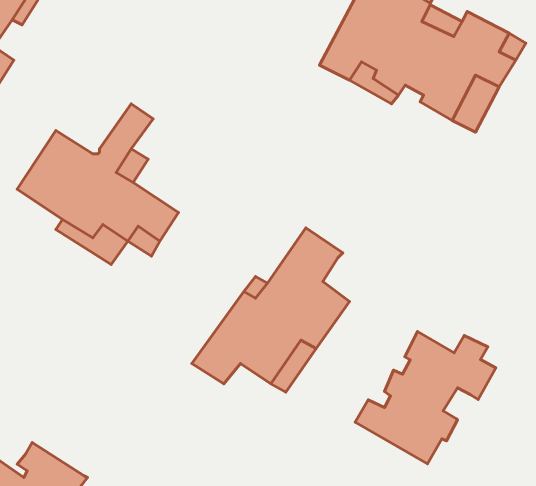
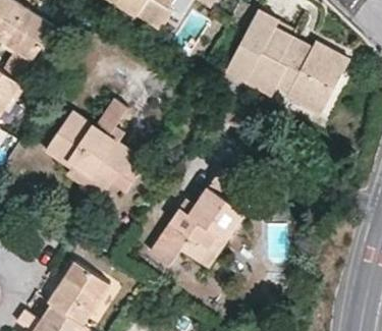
building: [355,331,496,464] -> none
building: none -> [48,259,110,322]

